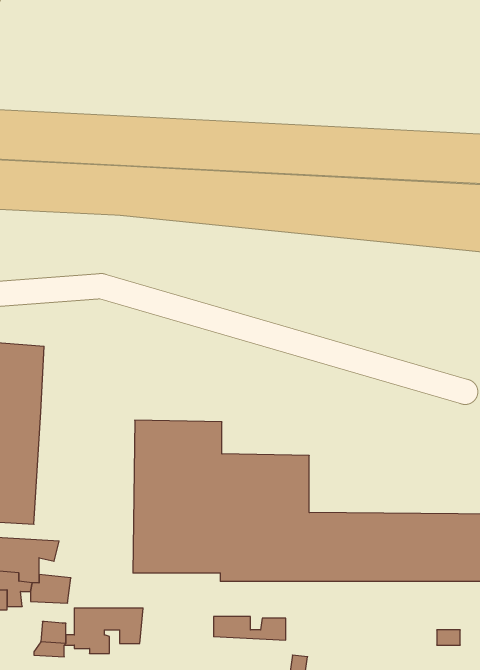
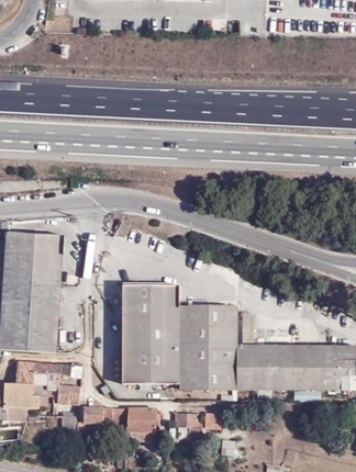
building: none -> [125,407,157,441]

